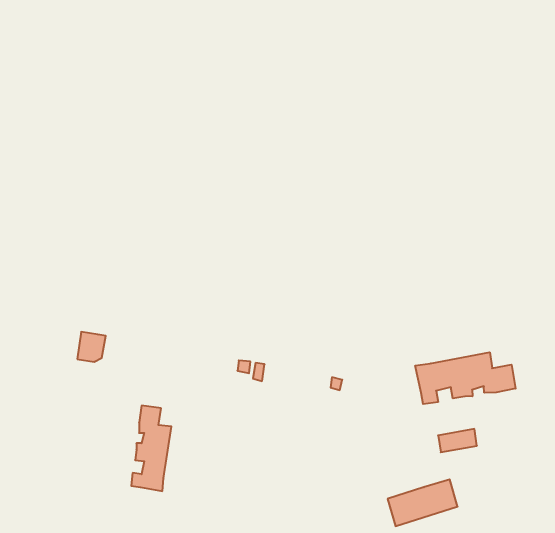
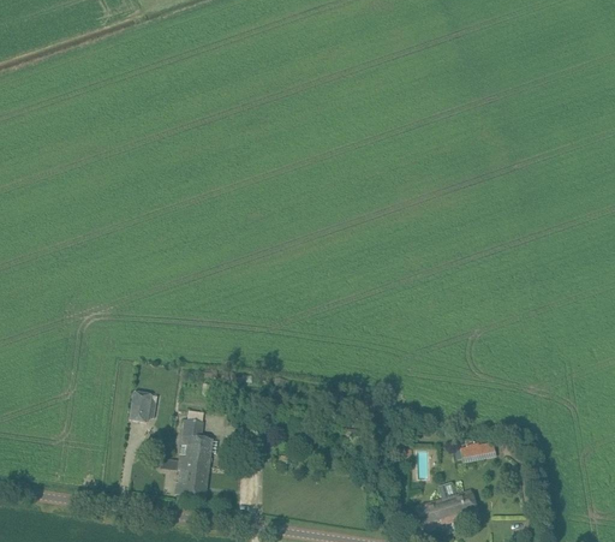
building: [77,332,106,362] -> [130,392,156,419]
building: [415,352,516,404] -> none

